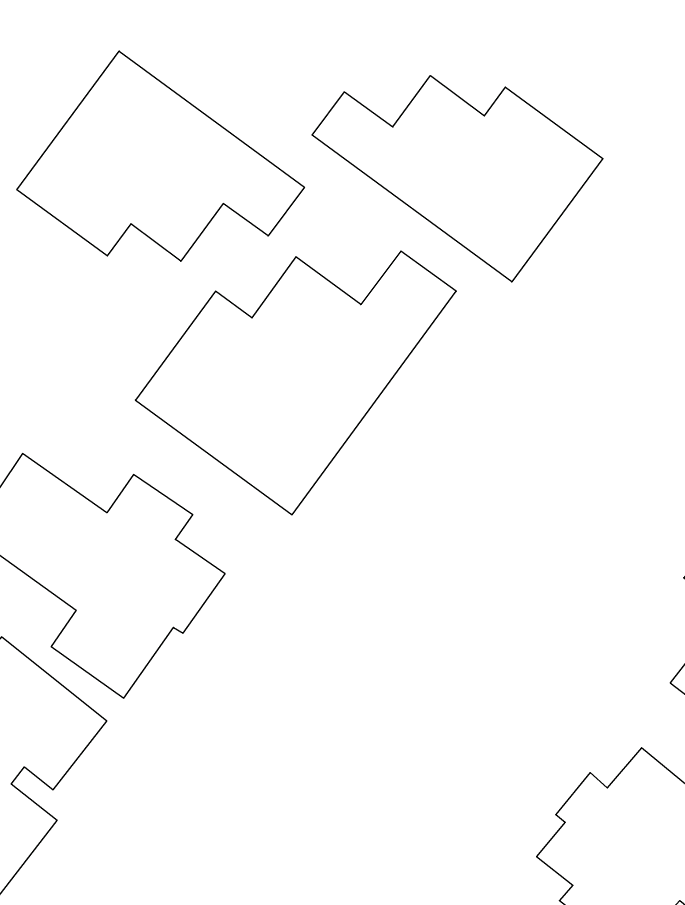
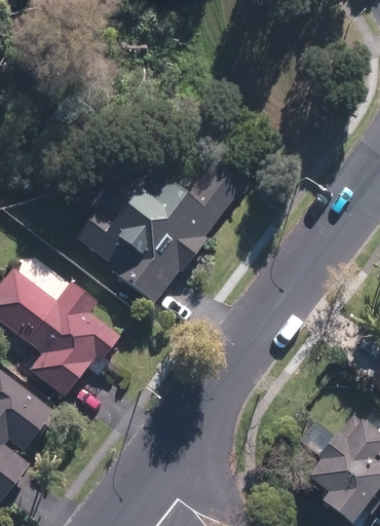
building: [17,51,304,261] -> none
building: [312,76,603,282] -> none

